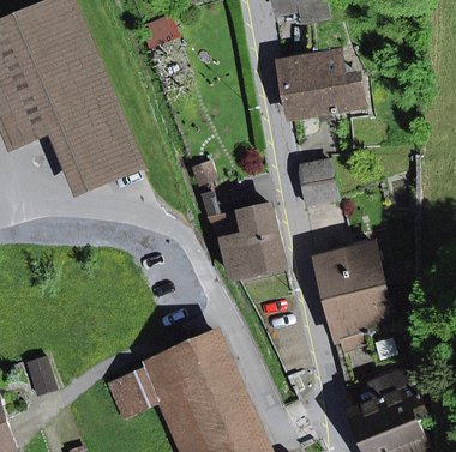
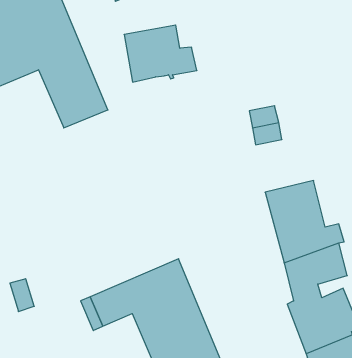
building: [280,52,362,116] -> [124,25,197,82]
building: [202,193,283,277] -> none

